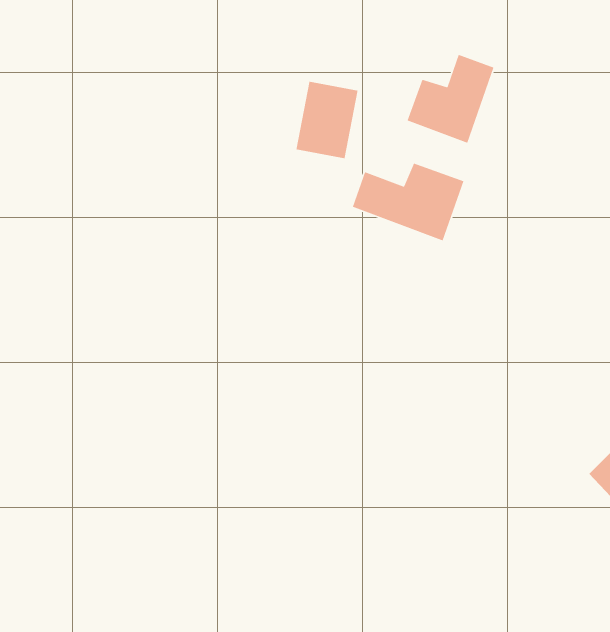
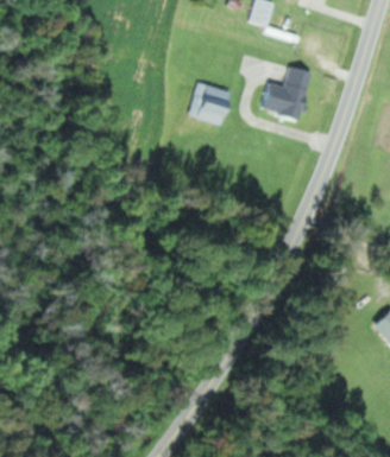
building: [352,162,464,241] -> none

